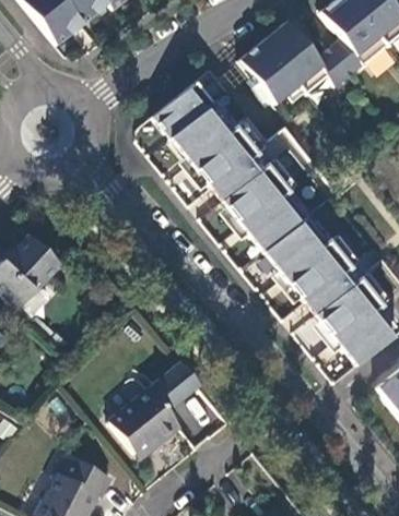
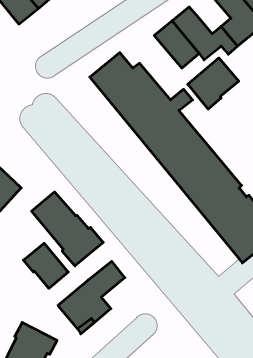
building: none -> [188,58,239,109]
building: none -> [32,192,103,266]
building: none -> [23,243,68,288]

